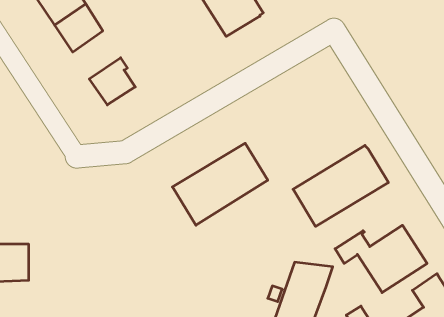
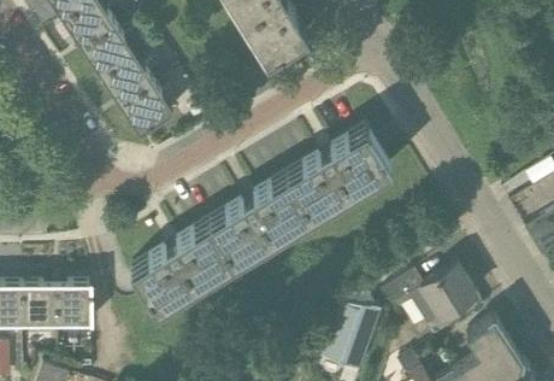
building: none -> [104,57,155,109]
building: [293,145,388,226] -> [289,130,391,217]
building: none -> [134,224,236,312]
building: none -> [57,285,93,324]

